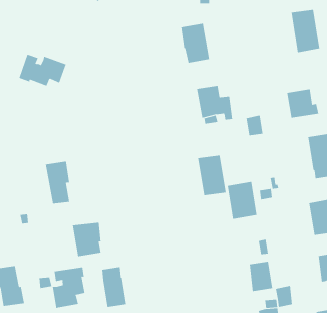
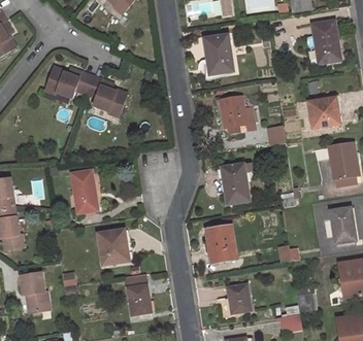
building: none -> [85,75,127,116]
building: [227,181,258,219] -> [206,226,236,263]
building: [249,261,273,292] -> [228,283,252,313]
building: [52,267,85,309] -> none

